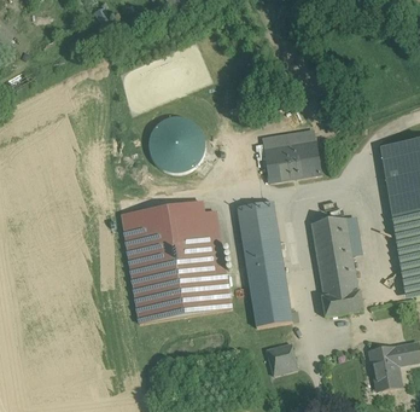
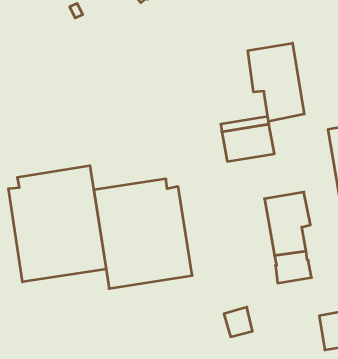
building: none -> [248,43,304,121]
building: [150,116,202,169] -> none
building: none -> [8,166,106,282]
building: [237,199,292,326] -> none

